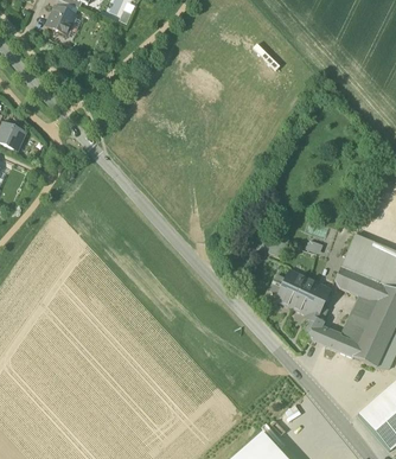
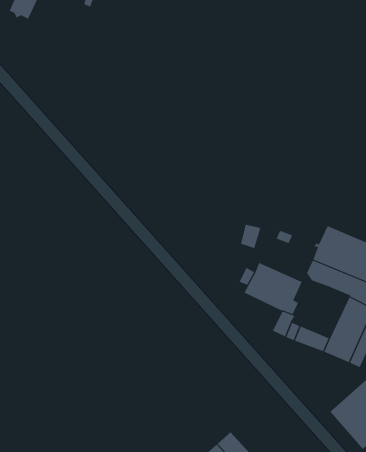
building: [338,293,376,343] -> none

